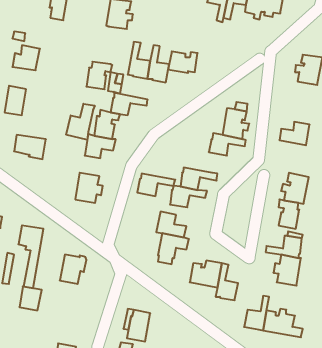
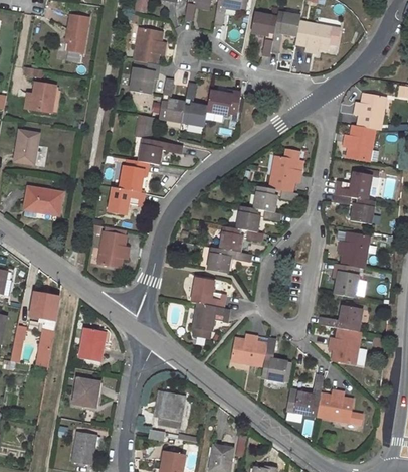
building: [86,62,112,89] -> [129,60,159,93]
building: none -> [343,124,374,160]
building: [66,104,95,140] -> none
building: none -> [333,193,373,223]
building: [137,174,175,196] -> [235,205,279,231]
building: [19,286,42,310] -> [73,377,99,406]

